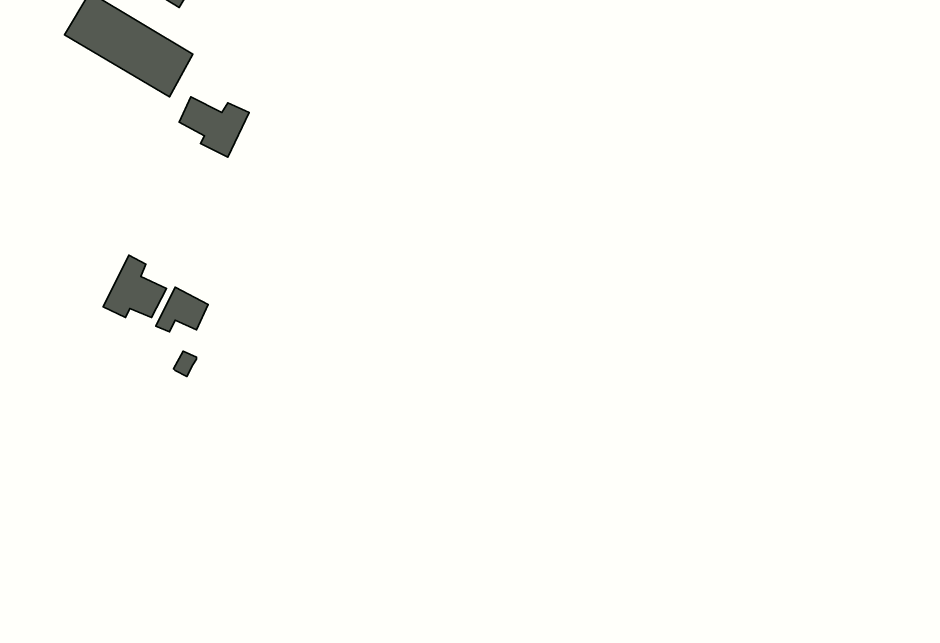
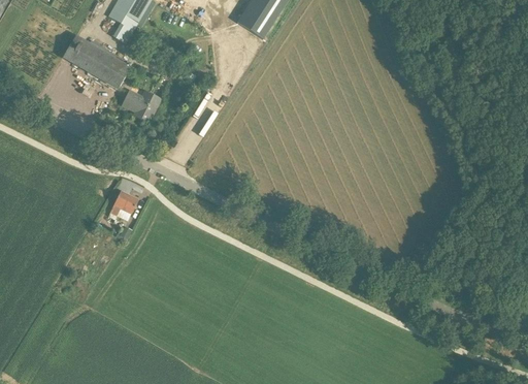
building: [103,255,166,318] -> none

